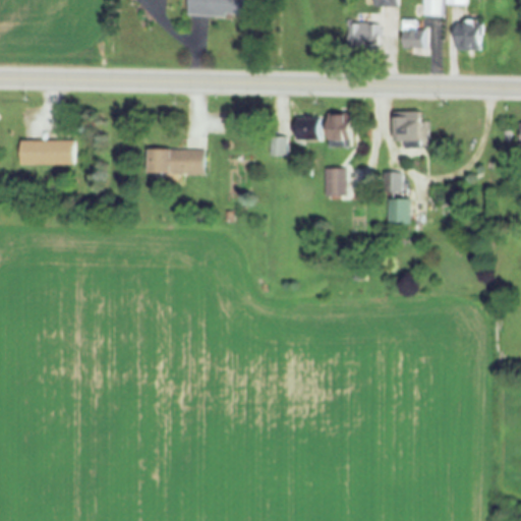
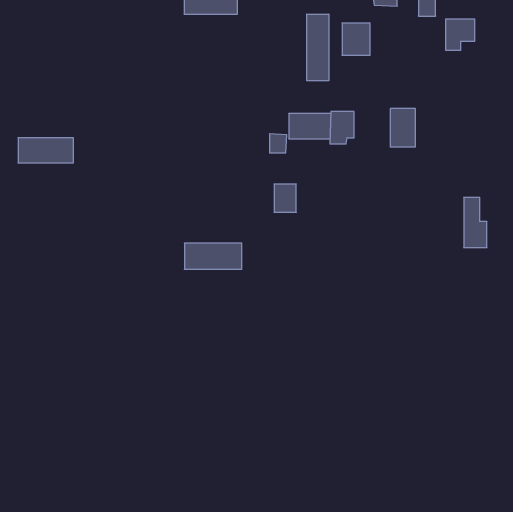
building: none -> [307,14,329,81]
building: [400,19,429,49] -> none
building: [144,149,202,175] -> [184,243,242,269]
building: [325,168,347,196] -> [274,184,296,212]
building: [387,174,410,225] -> [464,197,487,248]

